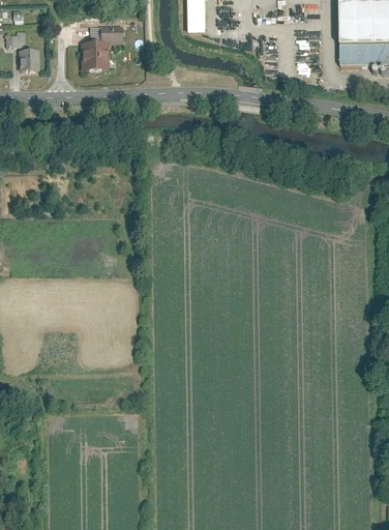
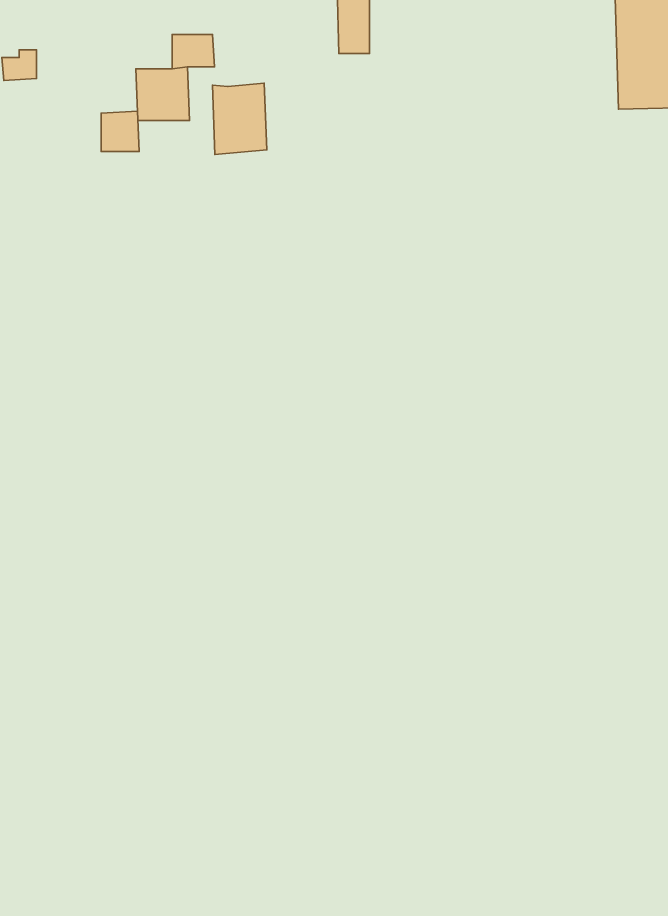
building: [19,49,39,70] -> [101,111,139,151]
building: none -> [212,83,267,154]

